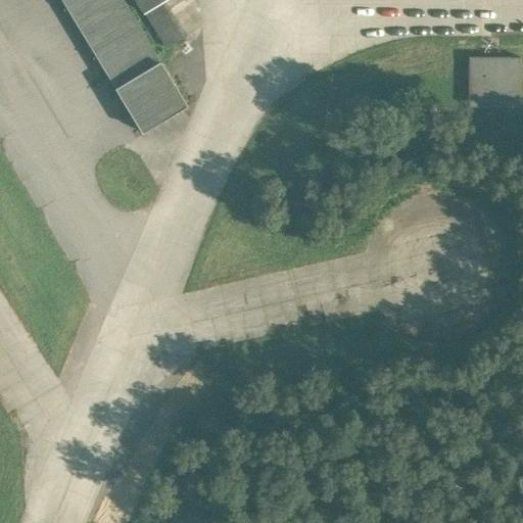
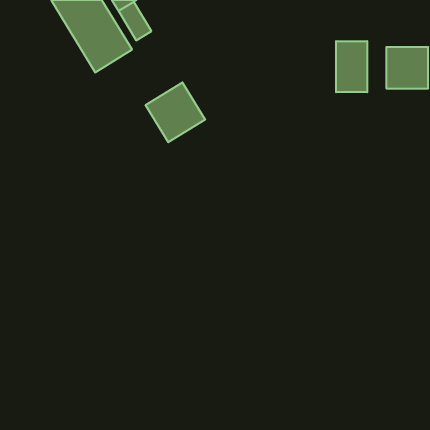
building: none -> [336,41,367,92]
building: [115,60,188,133] -> [145,82,205,142]

